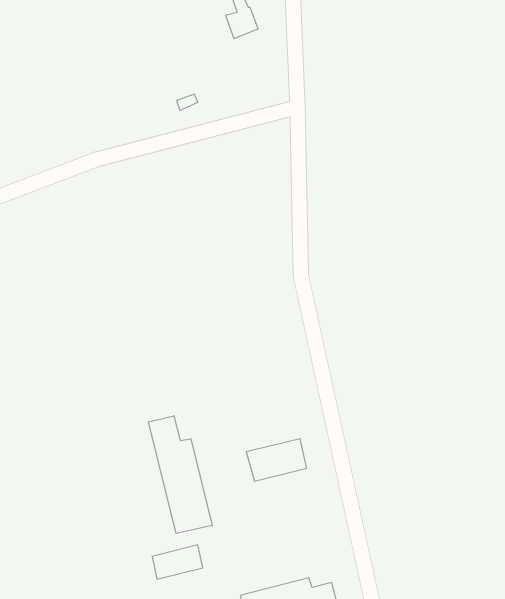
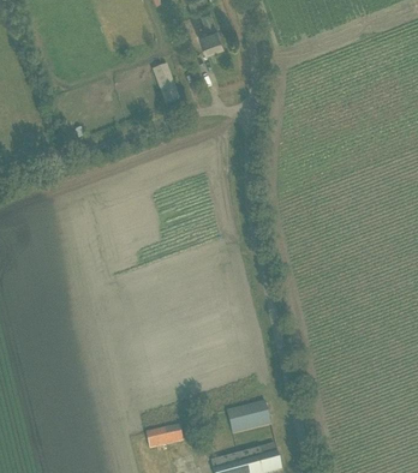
building: [148,416,212,533] -> none
building: [246,439,307,481] -> [225,400,269,431]

